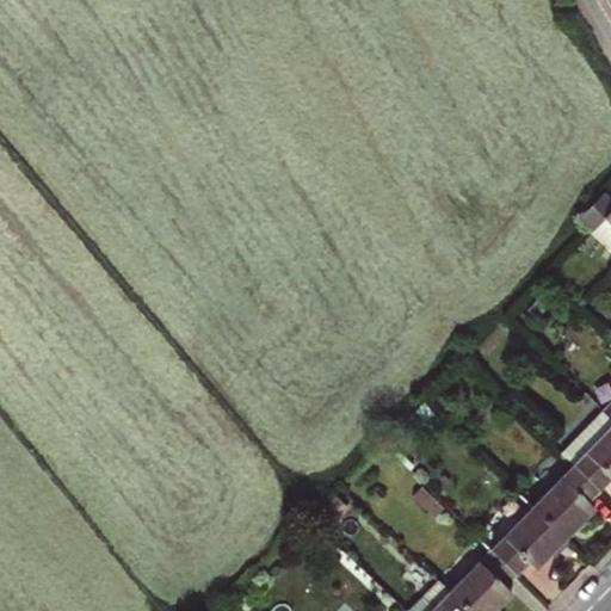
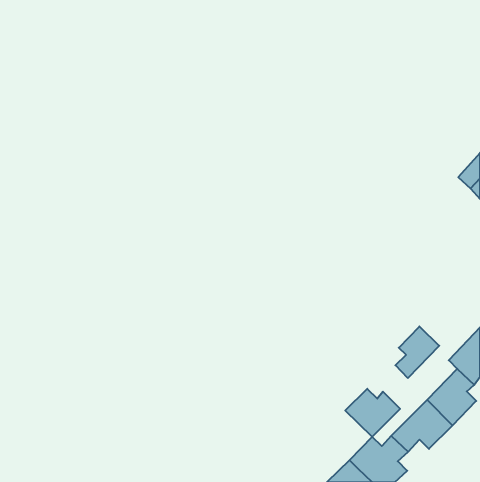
building: none -> [395,326,439,378]
building: none -> [345,389,400,437]

